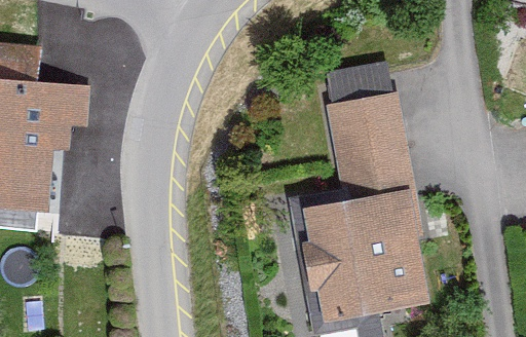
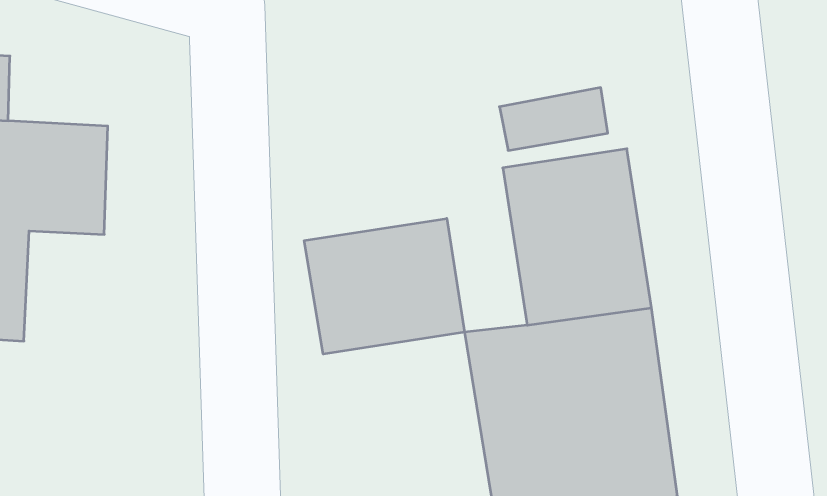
building: none -> [304,218,464,354]

